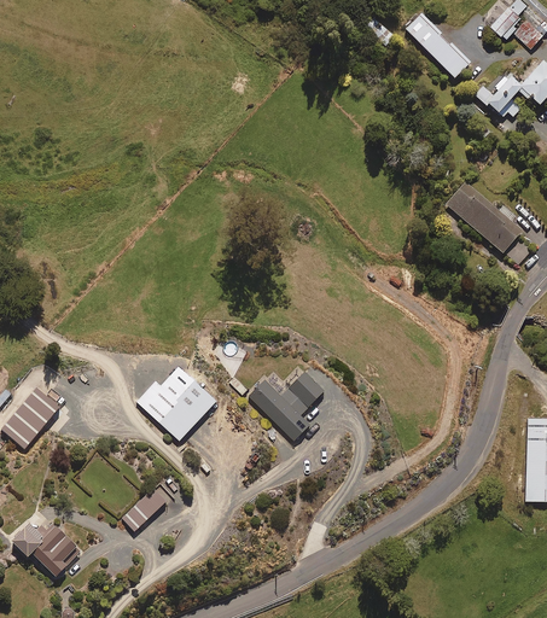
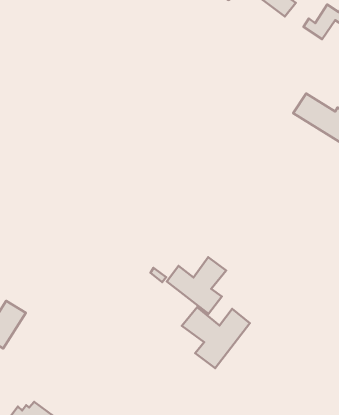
building: [138,377,217,441] -> none
building: none -> [182,307,250,368]
building: [123,482,175,531] -> none

